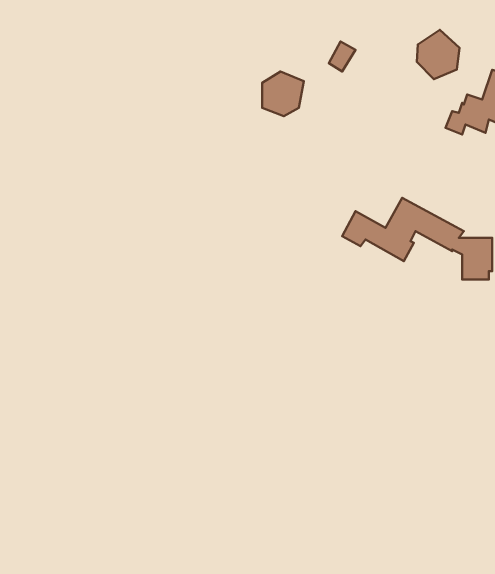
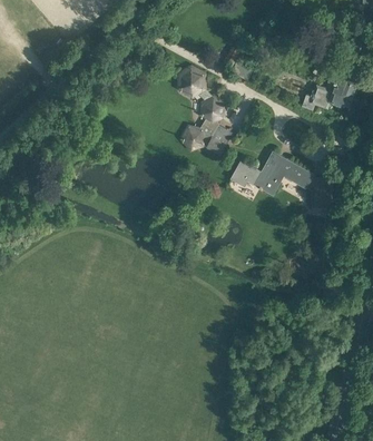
building: [417,30,459,79] -> none
building: none -> [181,98,230,155]

